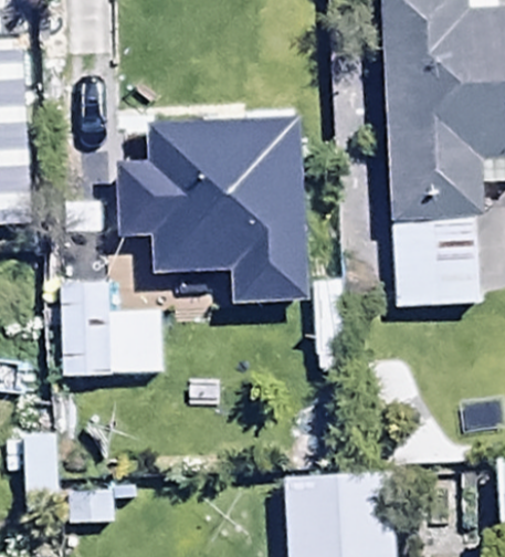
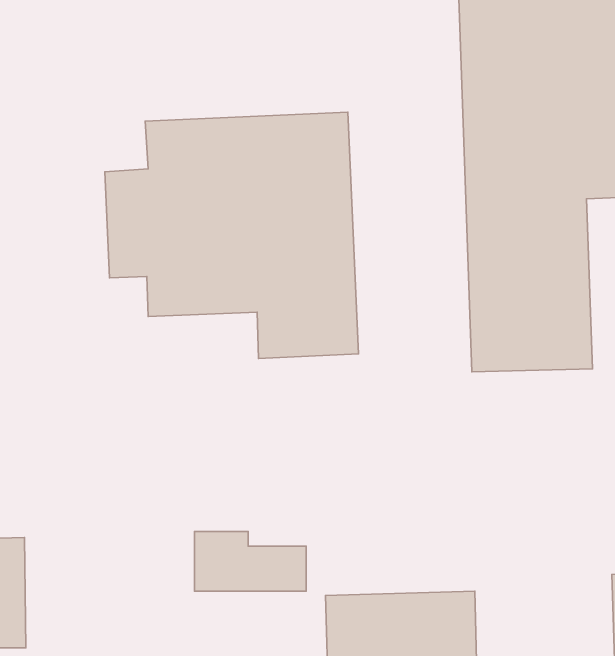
building: [60,280,161,377] -> none

